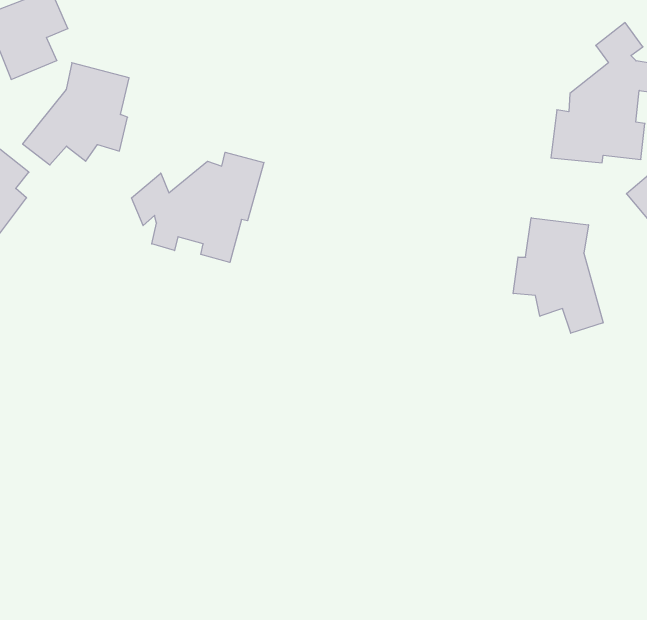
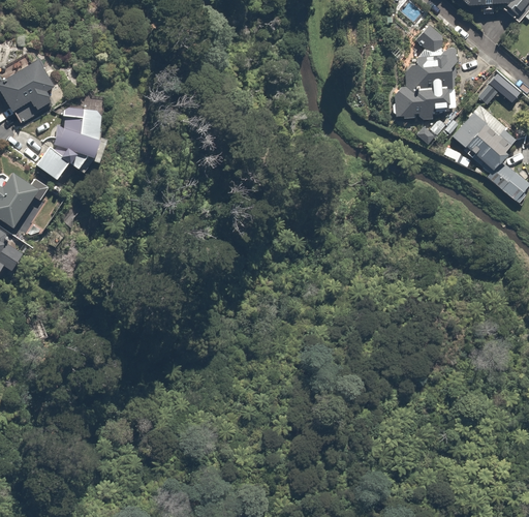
building: [132,152,264,262] -> none
building: [513,218,603,333] -> none

